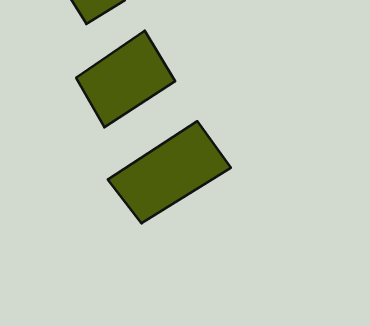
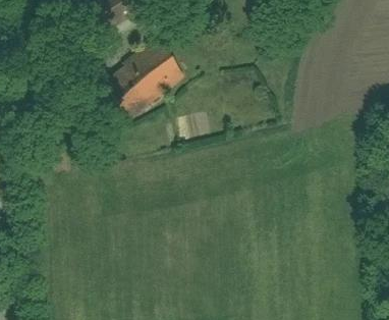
building: [108,121,231,223] -> none

